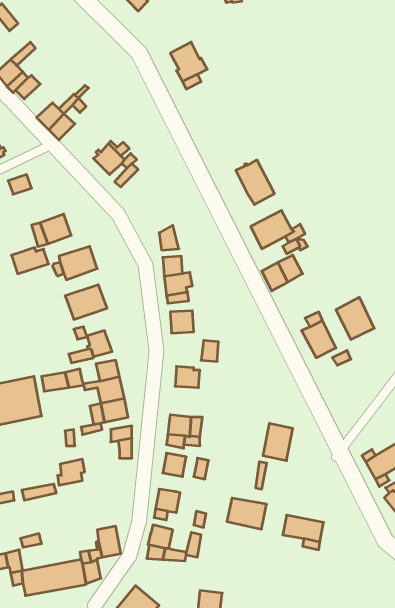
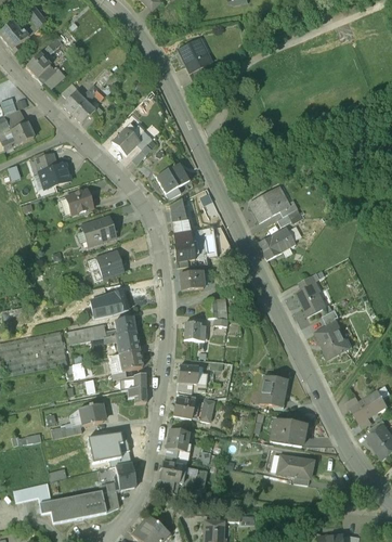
building: [236,160,274,205] -> none
building: none -> [156,162,190,193]
building: [11,248,49,274] -> [39,166,71,189]
building: [336,297,374,339] -> [315,320,349,357]
building: none -> [88,429,122,460]
building: [227,498,267,529] -> [272,416,306,443]

